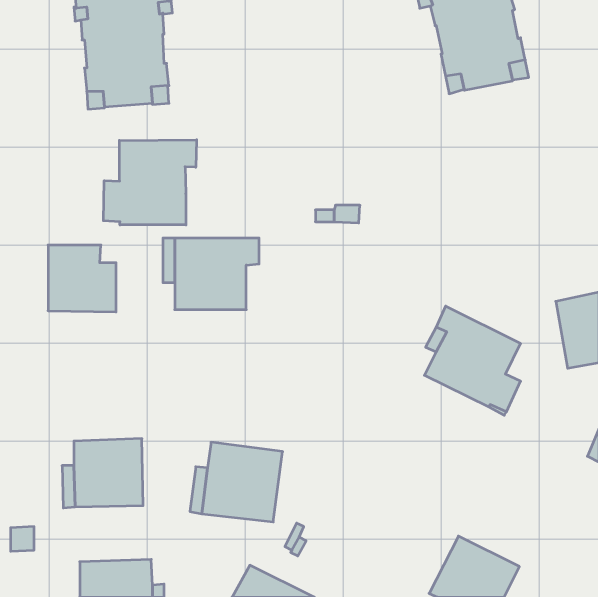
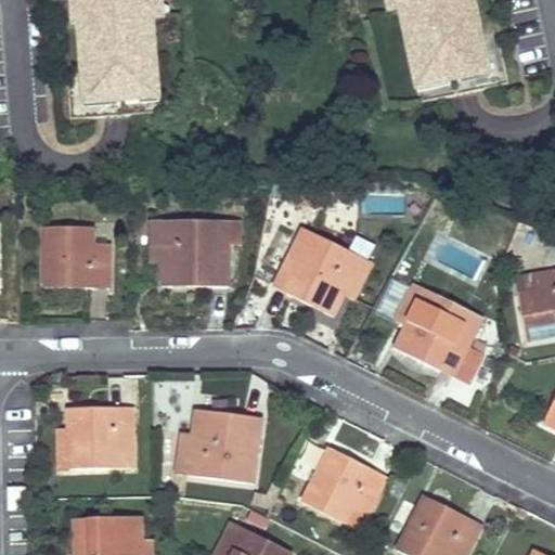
building: [103,140,197,225] -> none
building: none -> [273,228,373,317]
building: none -> [302,447,387,531]

